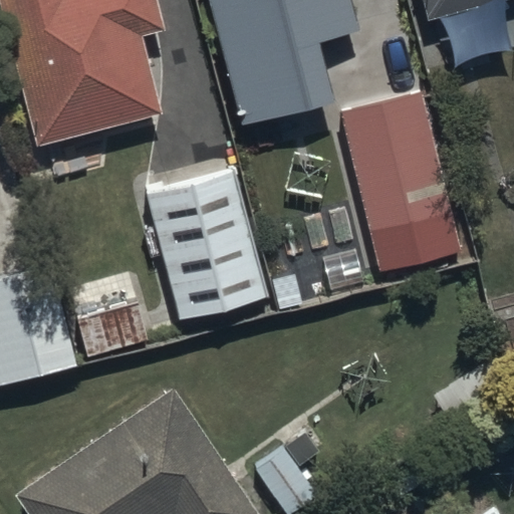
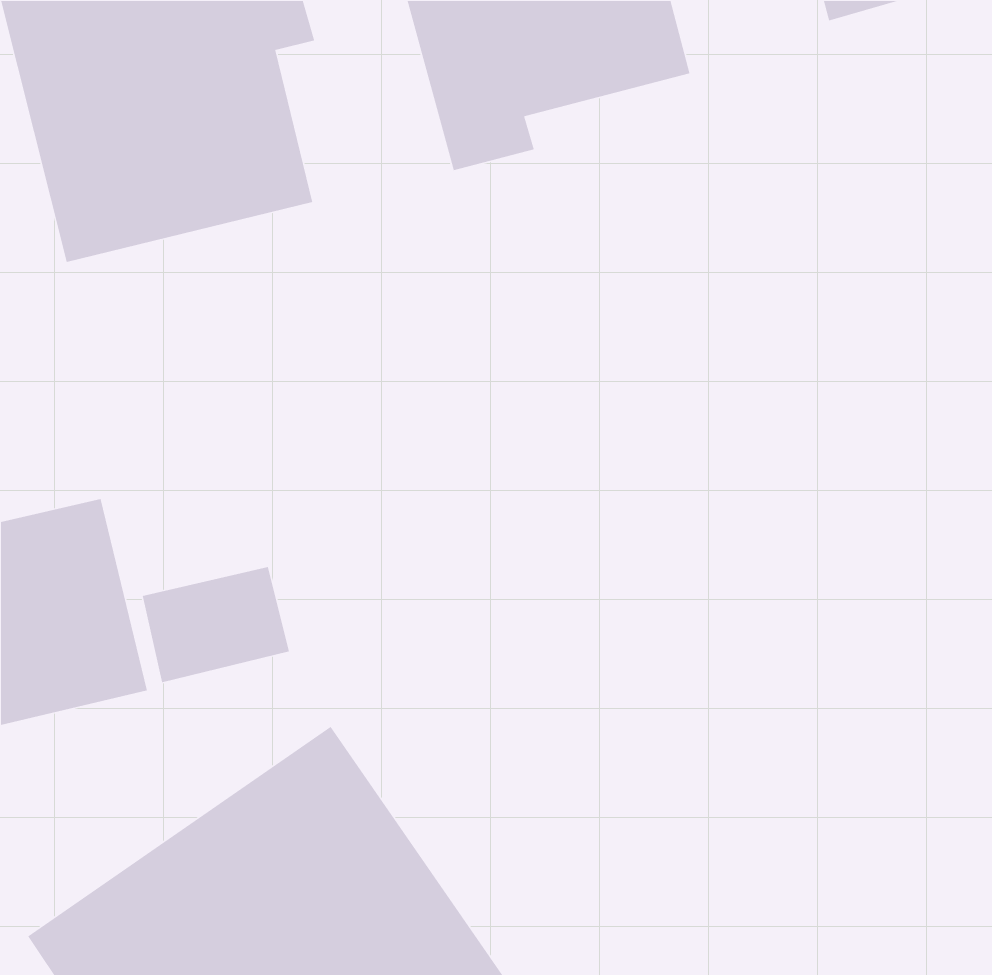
building: [339,91,454,235] -> none
building: [144,166,269,321] -> none

